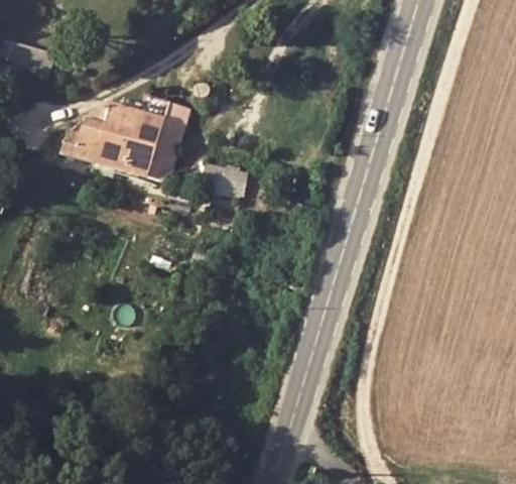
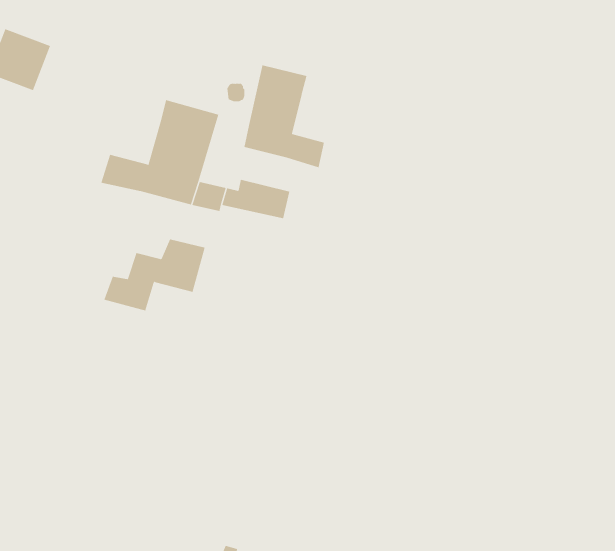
building: none -> [244,65,325,168]
building: [59,105,142,163] -> [104,239,206,311]

